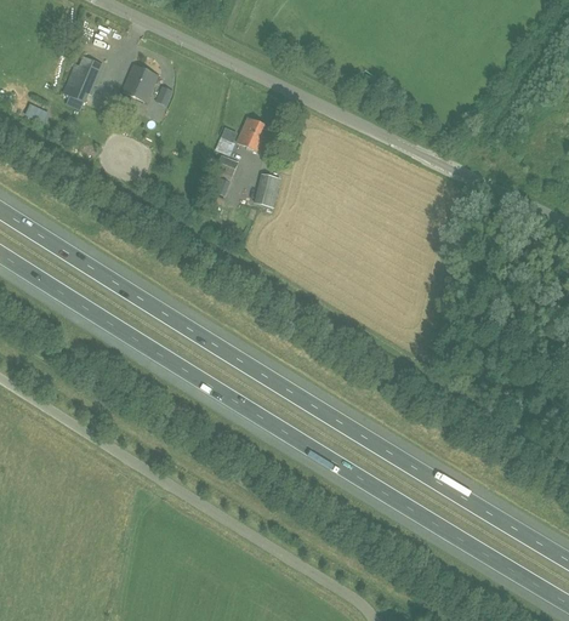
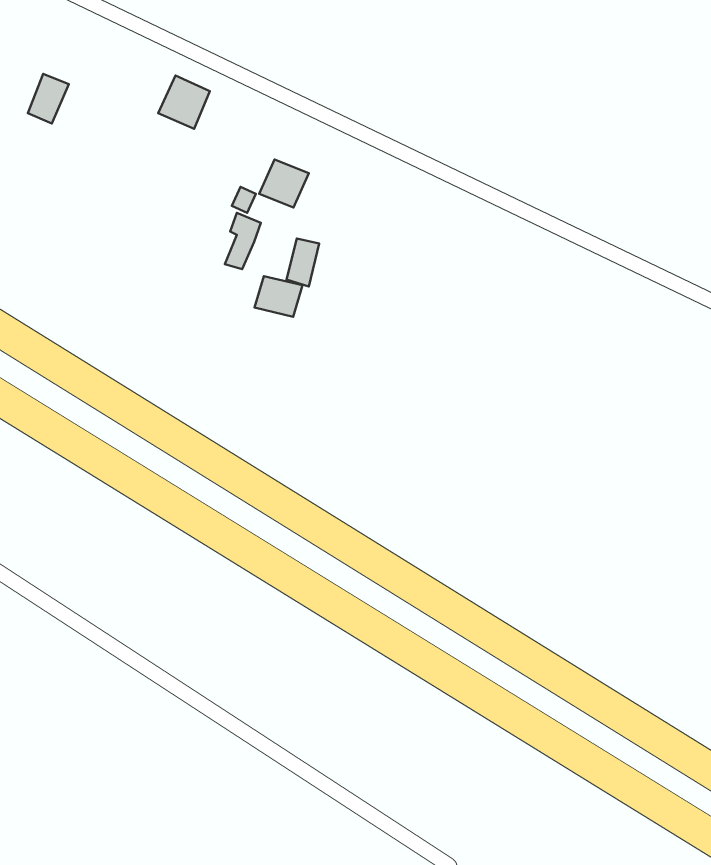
building: [120,63,157,101] -> [158,76,210,129]
building: none -> [254,276,302,317]

